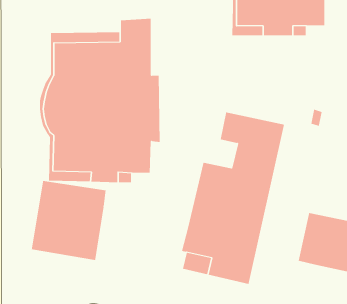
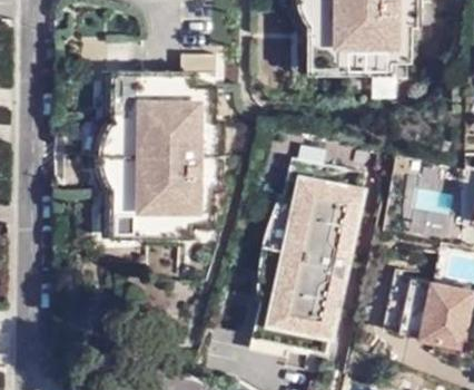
building: none -> [256,188,313,291]
building: [31,180,106,261] -> none

